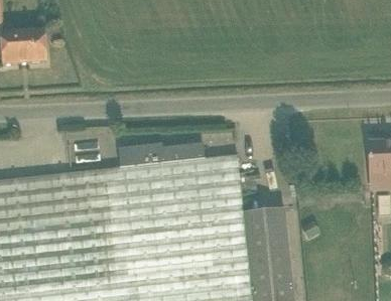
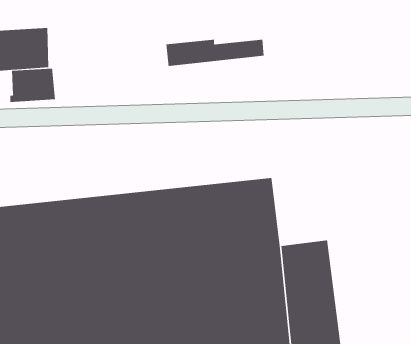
building: none -> [10,68,55,103]
building: [118,146,203,169] -> [165,39,265,66]

